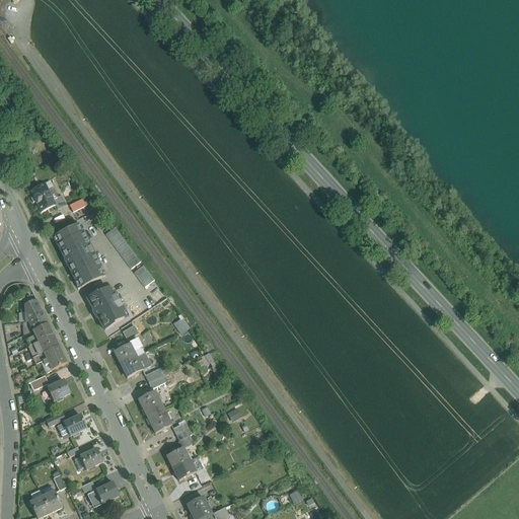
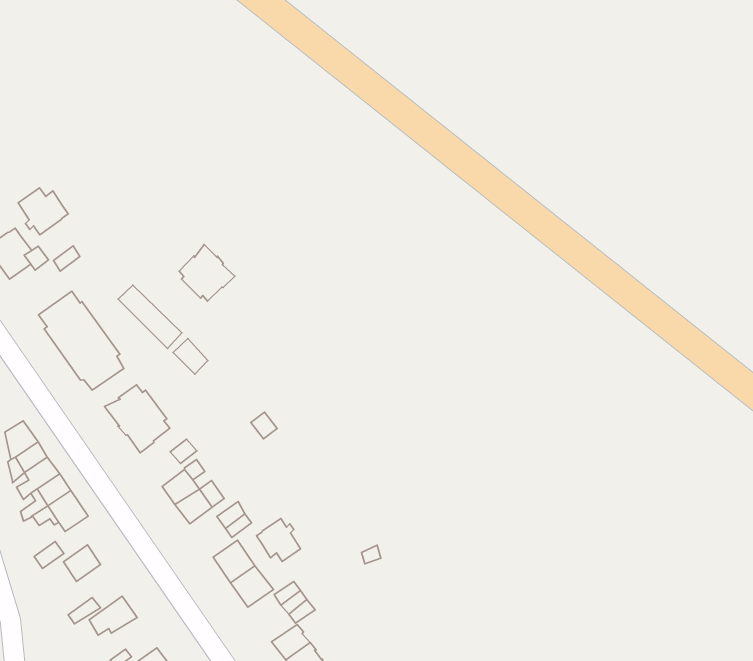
building: none -> [18,188,68,235]
building: none -> [179,244,235,301]
building: none -> [257,519,301,561]

